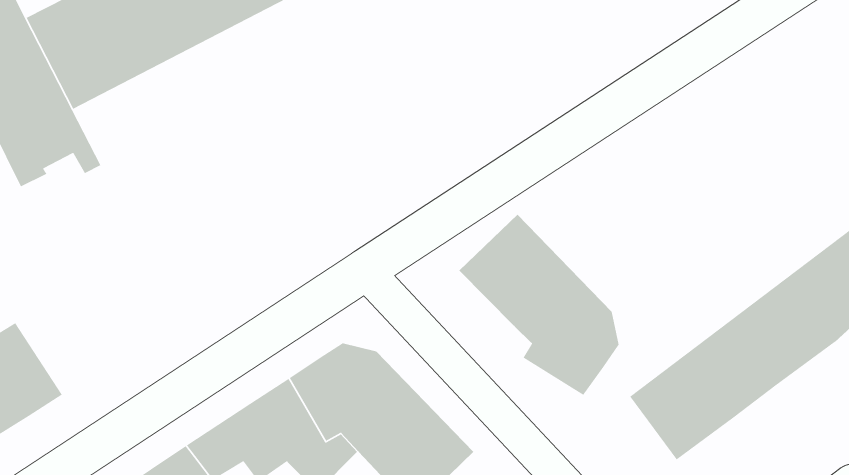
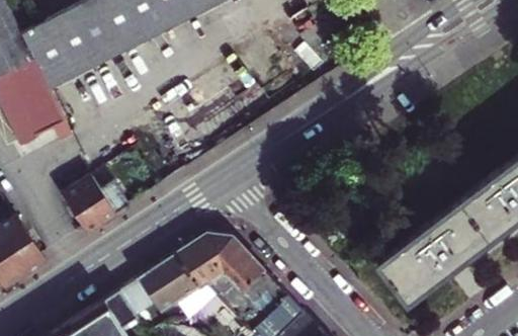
building: [458,214,620,396] -> none
building: none -> [55,174,114,232]

